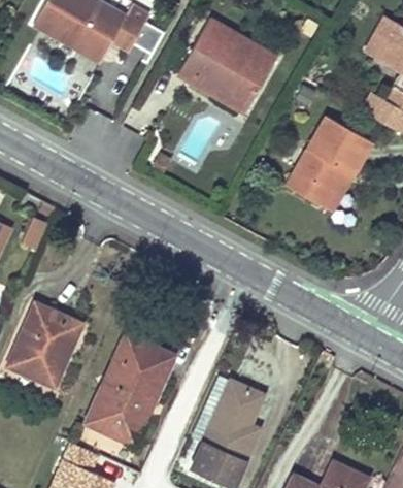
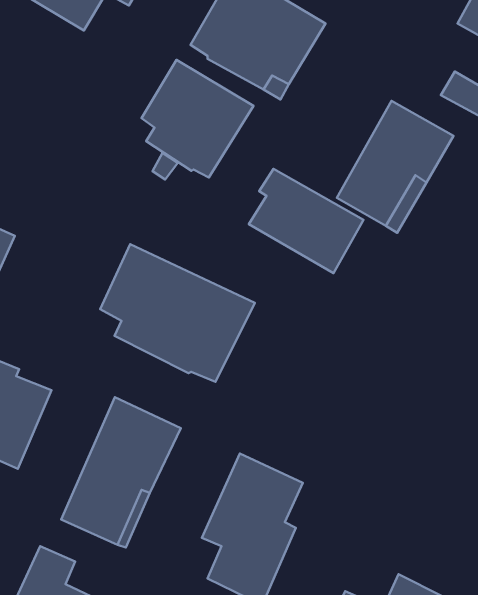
building: none -> [141,60,253,178]
building: none -> [249,169,363,273]
building: none -> [100,244,255,382]

